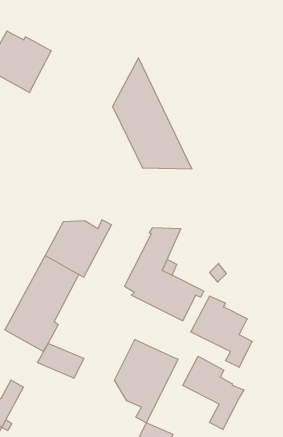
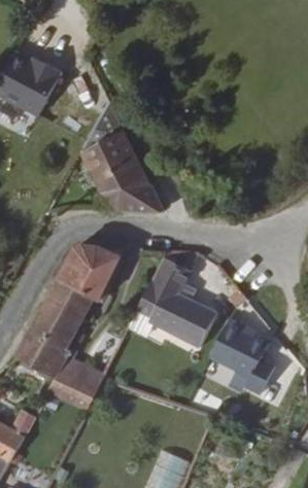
building: [113,58,192,169] -> [80,99,163,214]
building: [115,339,178,423] -> none
building: [183,356,244,430] -> none

